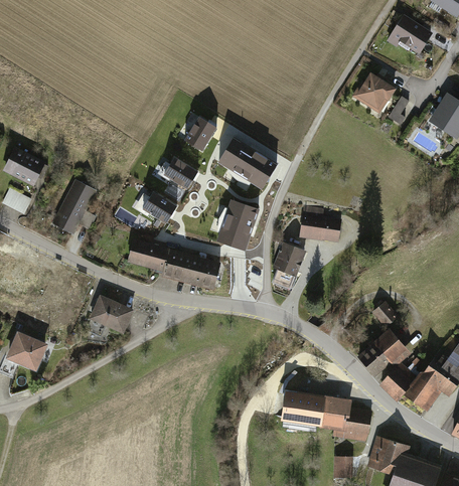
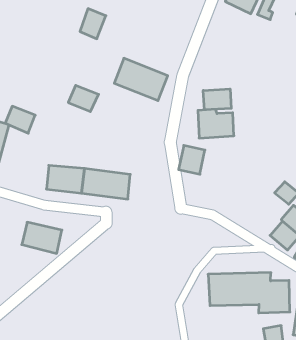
building: [186,117,217,151] -> [80,9,106,39]
building: none -> [203,89,231,110]
building: [143,192,177,224] -> [5,106,35,133]
building: [217,200,260,252] -> none

